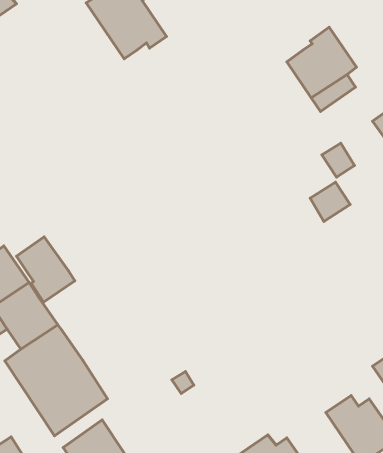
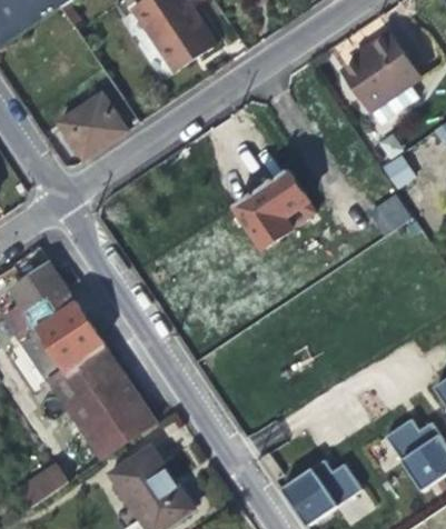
building: none -> [56,91,127,161]
building: none -> [234,173,308,249]
building: [17,237,75,302] -> none

